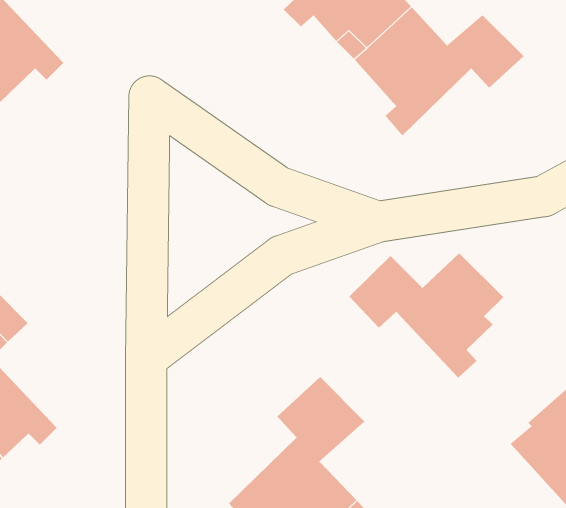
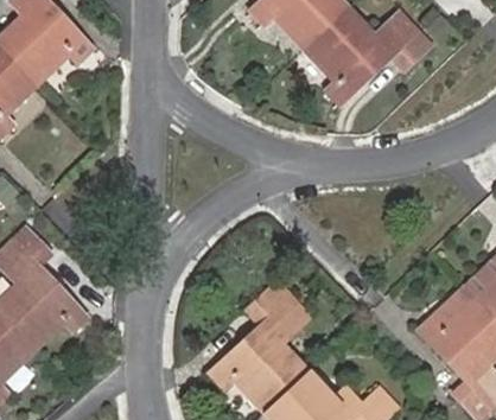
building: [349,252,504,378] -> none

